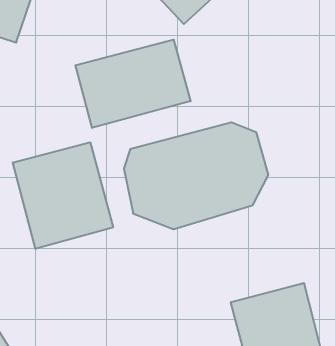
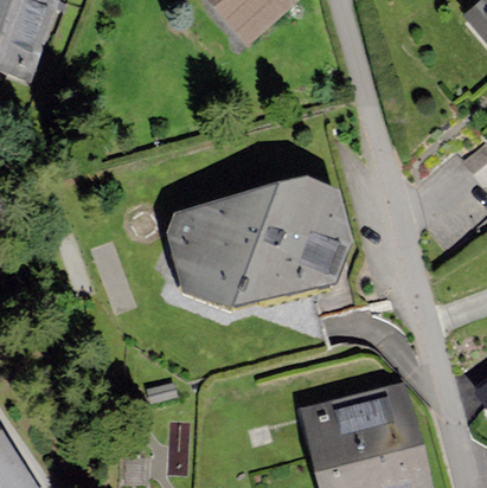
building: [75,40,191,128] -> none
building: [13,142,113,249] -> none

